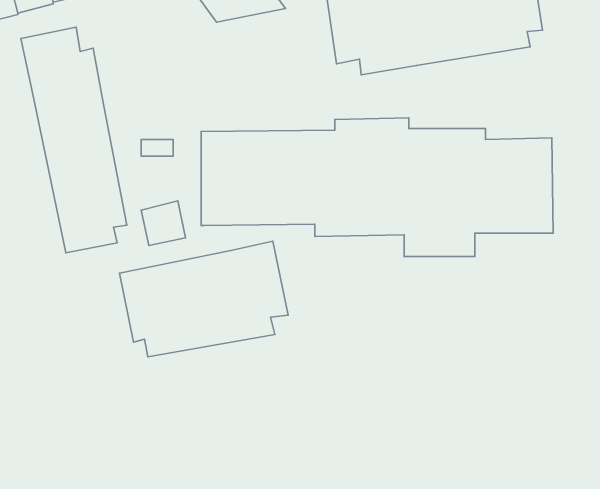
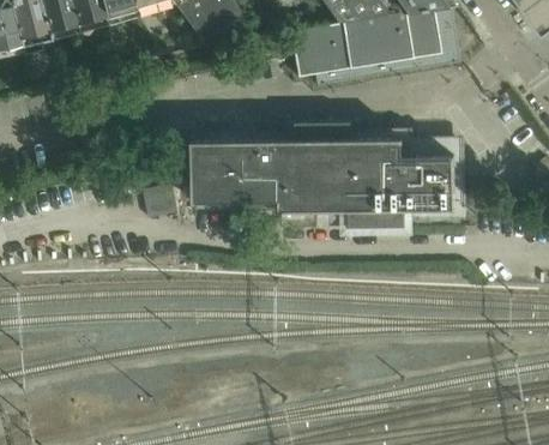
building: [21,27,127,253] -> none
building: [120,241,288,357] -> none

